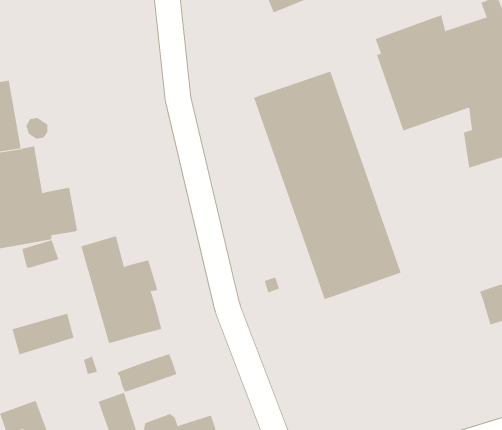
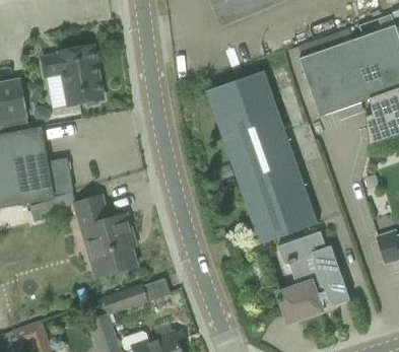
building: none -> [41,46,103,105]
building: none -> [276,230,349,323]
building: [12,313,74,355] -> none

